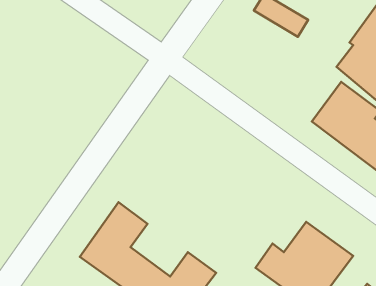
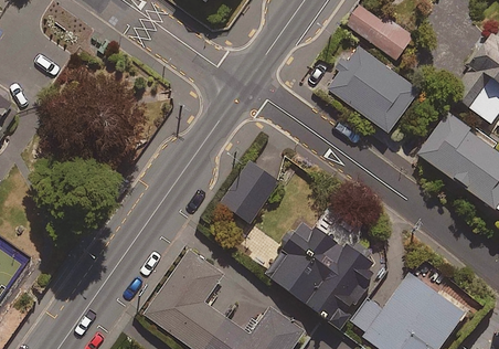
building: none -> [327,45,418,133]
building: none -> [220,159,278,222]
building: none -> [263,219,380,330]

